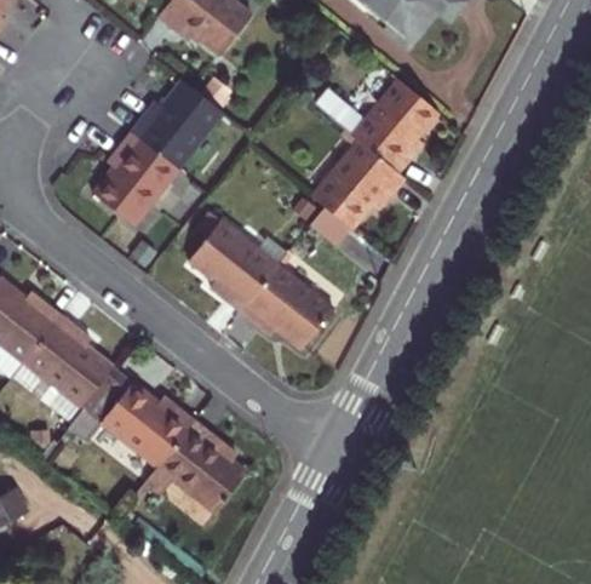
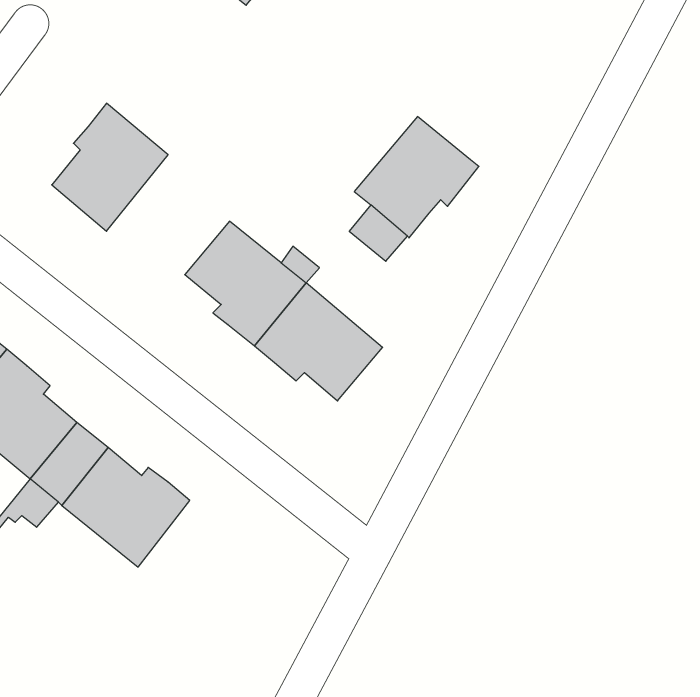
building: [131,78,223,168] -> none
building: [315,78,437,172] -> none
building: [142,420,242,515] -> none

